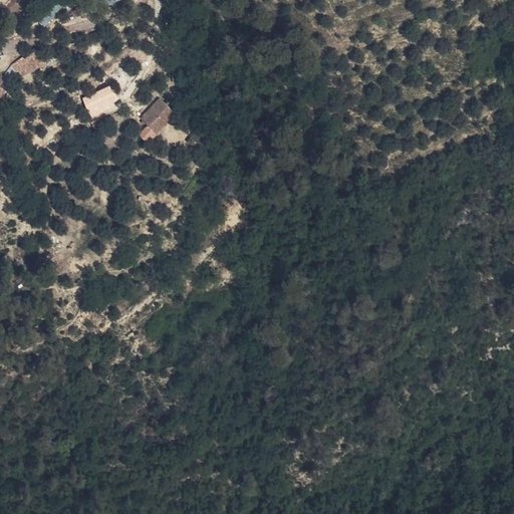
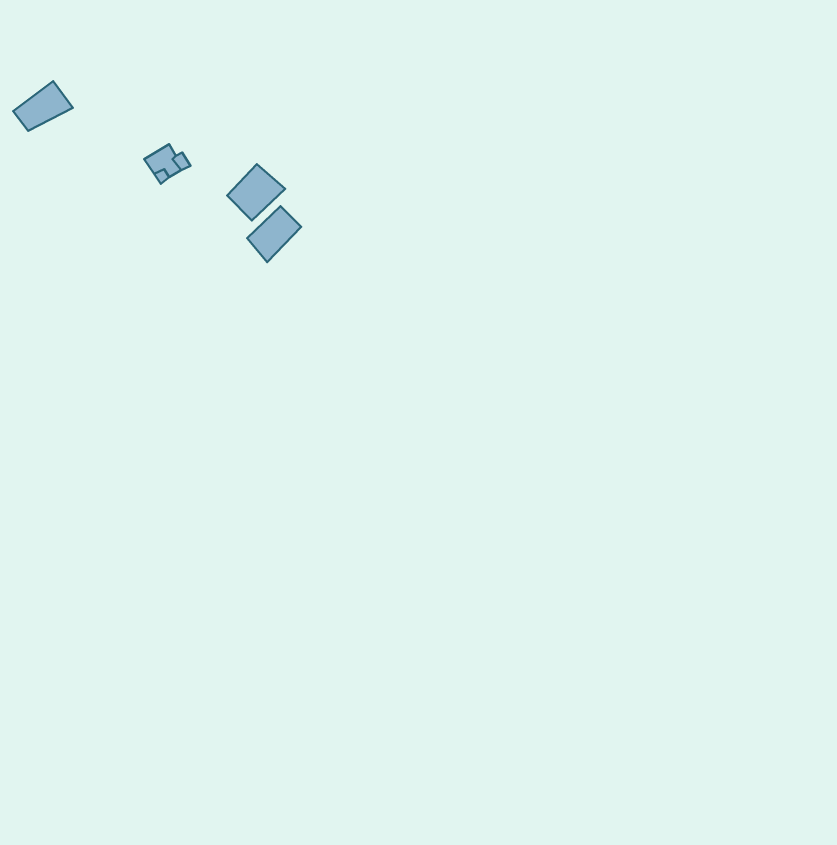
building: none -> [247,206,301,262]

